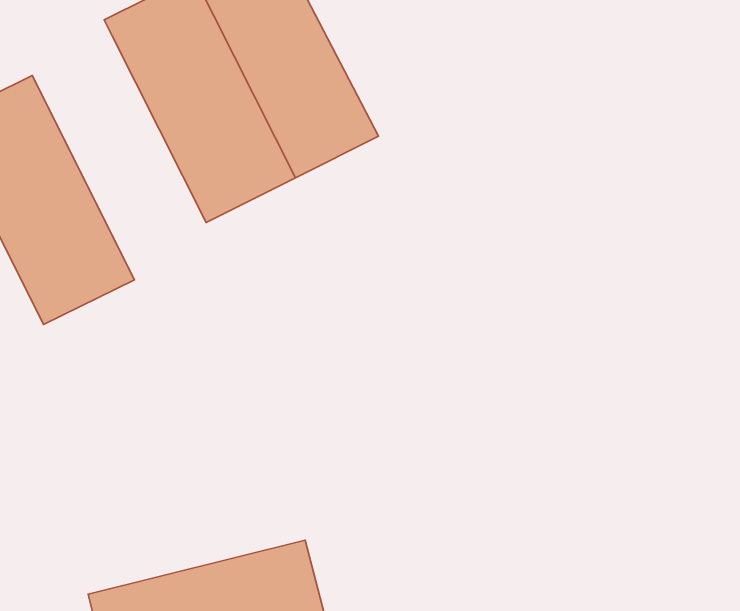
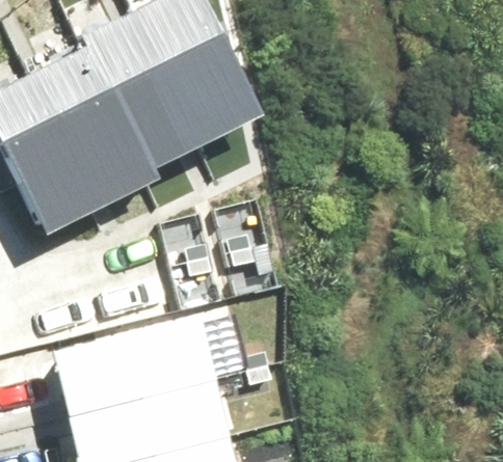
building: none -> [36,45,155,203]
building: none -> [58,316,214,408]

